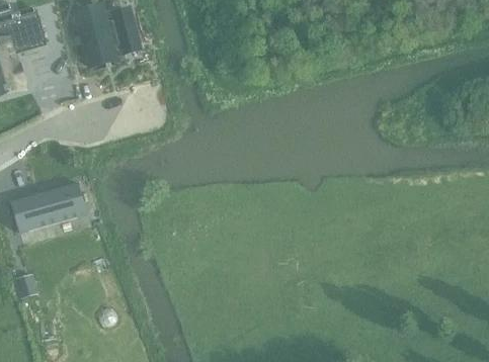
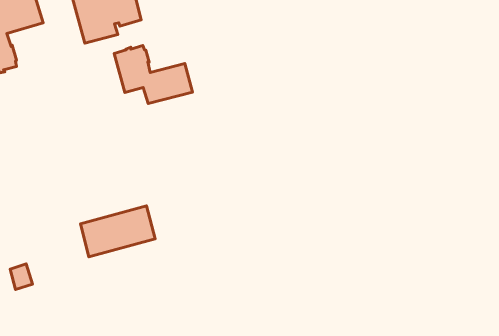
building: none -> [114,46,192,104]
building: [11,184,82,233] -> [80,206,155,257]

